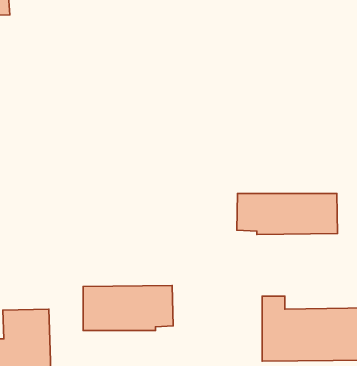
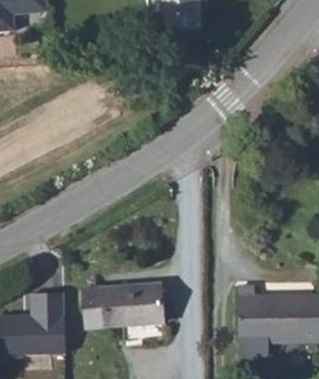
building: [237,193,337,234] -> none

